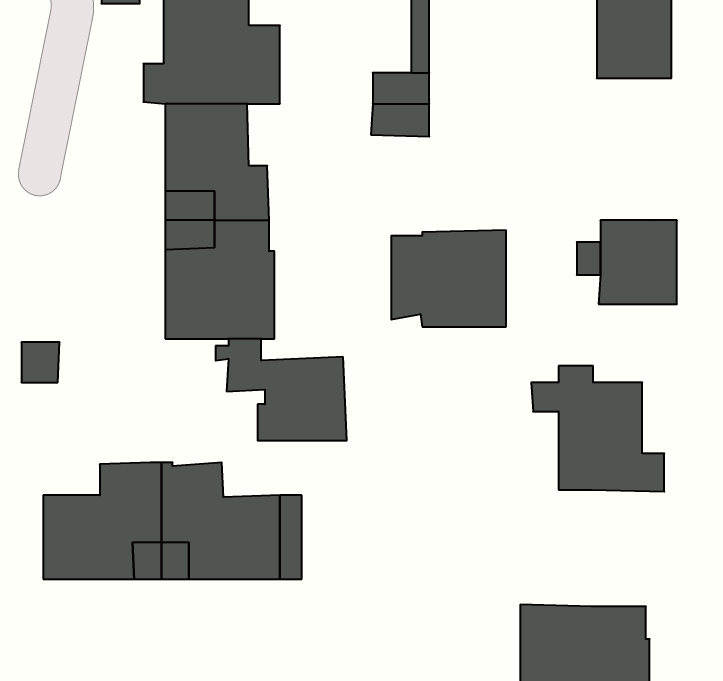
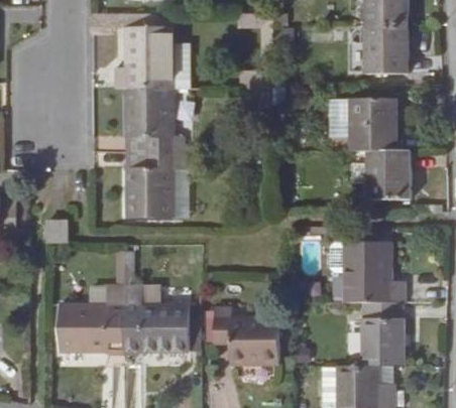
building: [391,230,506,327] -> [333,99,396,152]
building: [216,339,347,441] -> [207,306,279,363]
building: none -> [362,301,403,366]

